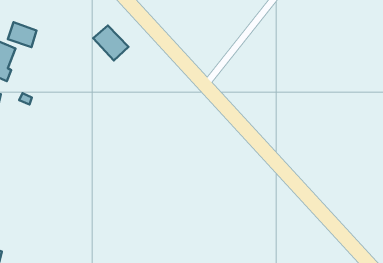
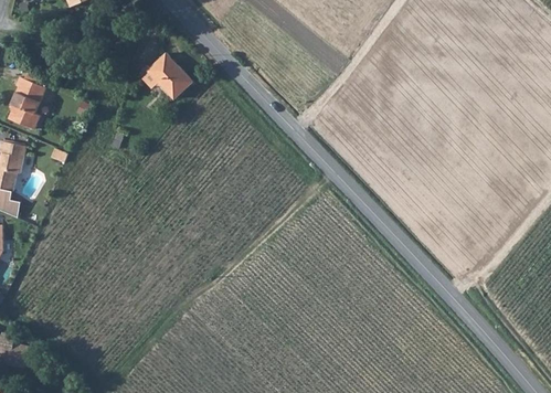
building: [8,22,37,47] -> none

